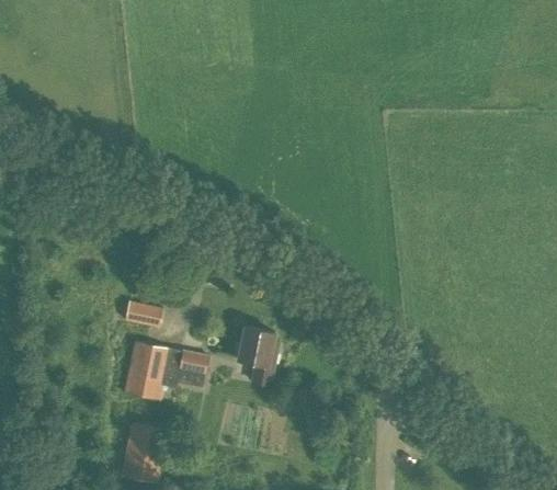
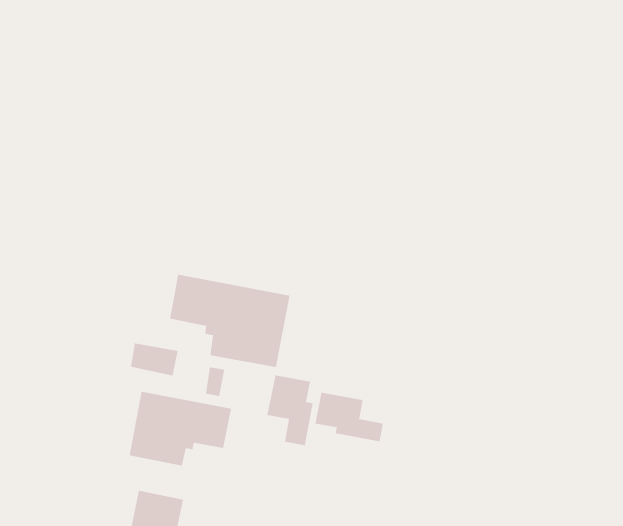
building: none -> [169,274,290,368]
building: none -> [315,392,383,442]

